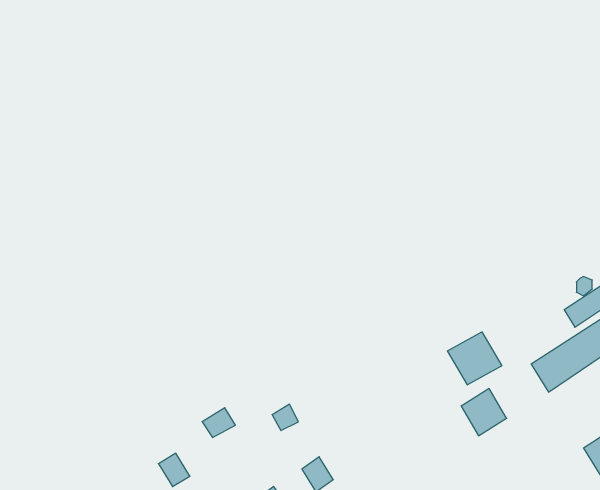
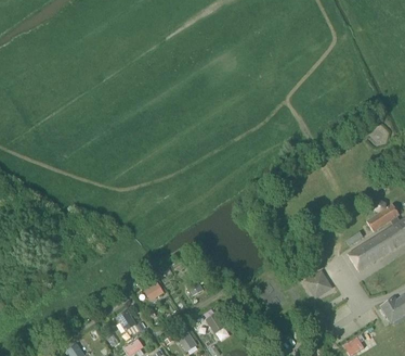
building: [447,332,502,385] -> none

